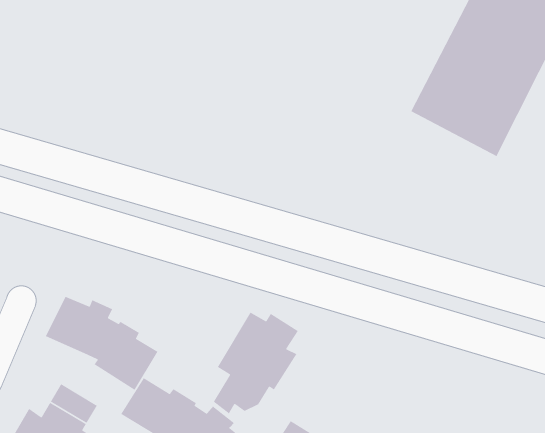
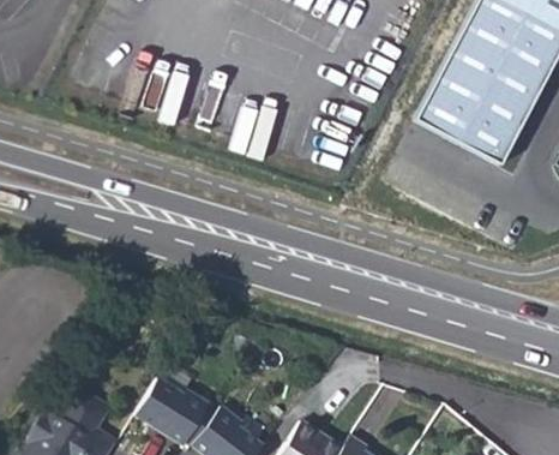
building: [45,296,158,391] -> none
building: [213,311,299,414] -> none

